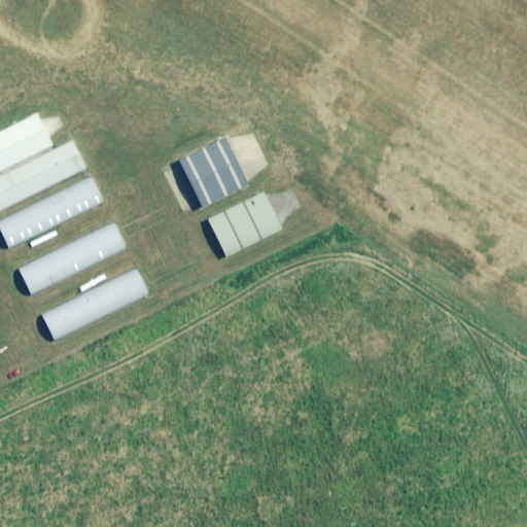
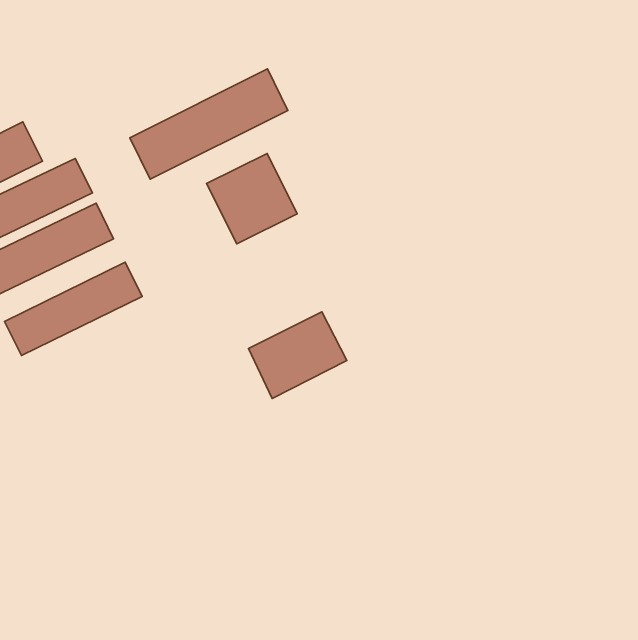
building: none -> [130,69,288,179]
building: [207,189,284,257] -> [248,312,347,398]
building: [41,268,149,341] -> none

